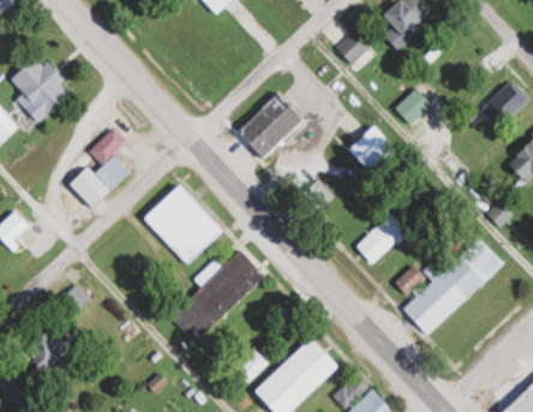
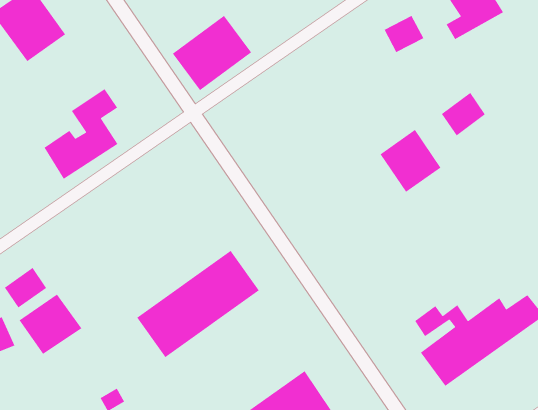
building: [235,91,301,157] -> [172,15,252,91]
building: [140,183,222,265] -> none
building: [355,215,405,264] -> none
building: none -> [19,294,83,355]

